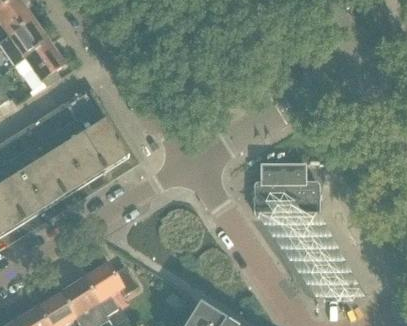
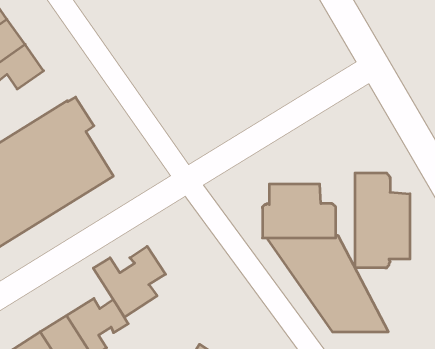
building: none -> [355,173,410,268]
building: none -> [93,246,166,317]

